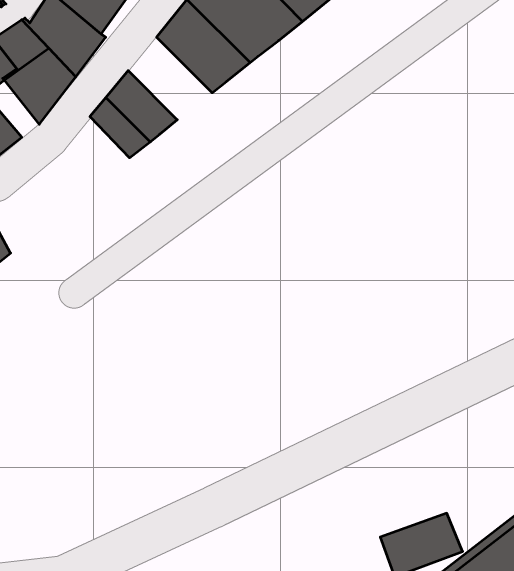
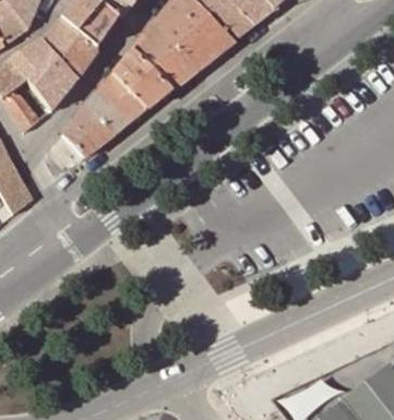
building: none -> [111,51,169,108]
building: none -> [60,106,112,157]

